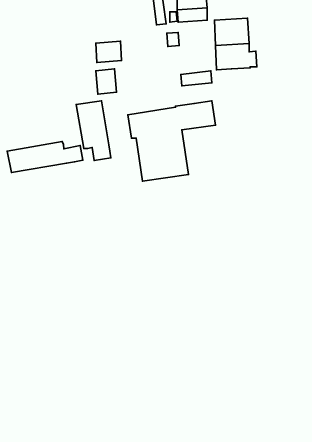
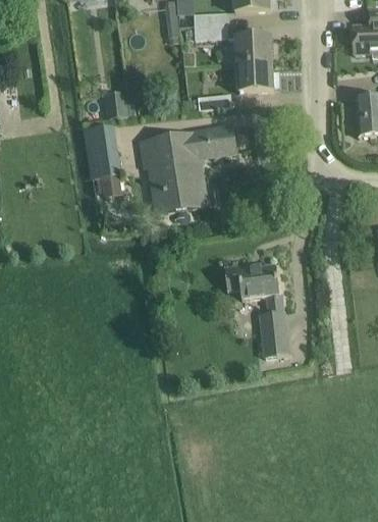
building: [96,41,122,62] -> none
building: [7,142,83,173] -> none
building: none -> [225,264,290,357]

